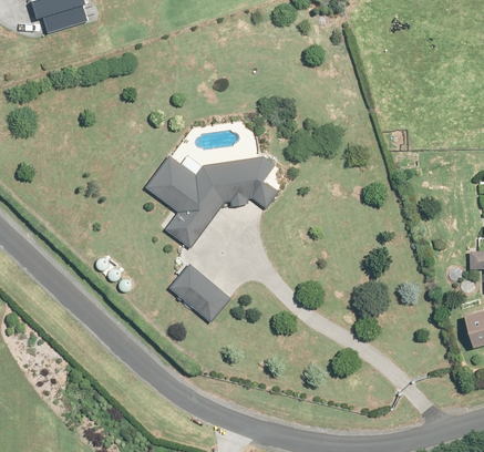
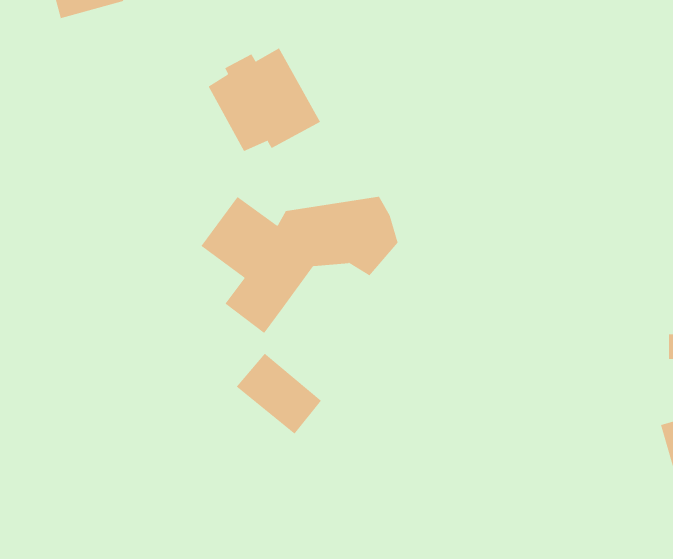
building: none -> [208,47,321,152]

